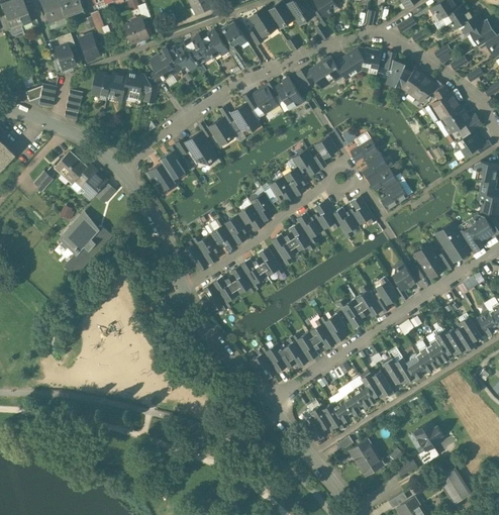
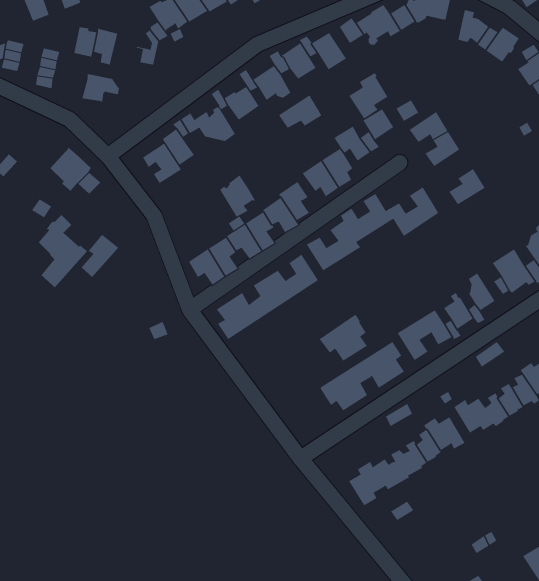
building: [123,75,153,97] -> [82,74,120,103]
building: none -> [349,72,388,120]
building: none -> [278,94,323,129]
building: [55,152,87,182] -> none
building: [369,168,399,192] -> none
building: none -> [220,175,256,217]
building: none -> [81,234,119,278]
building: [249,343,287,380] -> [319,314,368,362]
building: [414,422,442,450] -> none
building: [351,440,380,475] -> none

